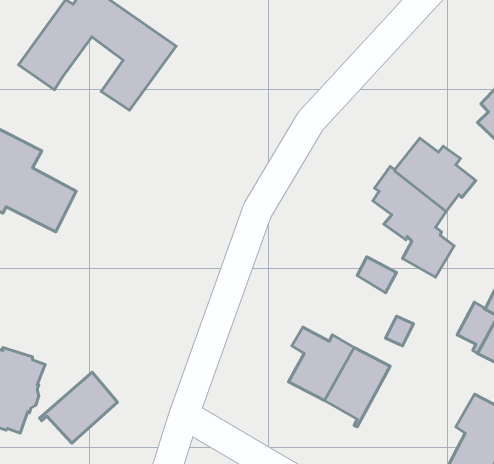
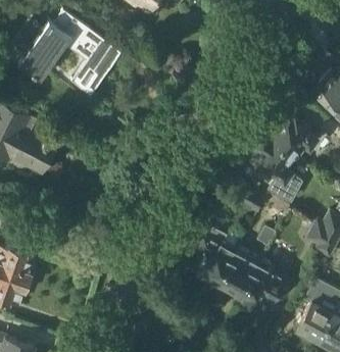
building: none -> [239,261,288,313]
building: [39,372,117,443] -> none

